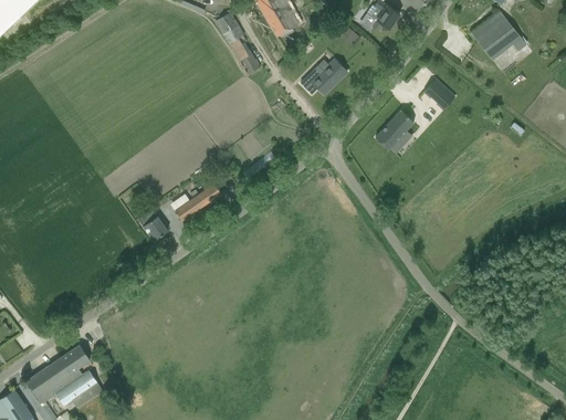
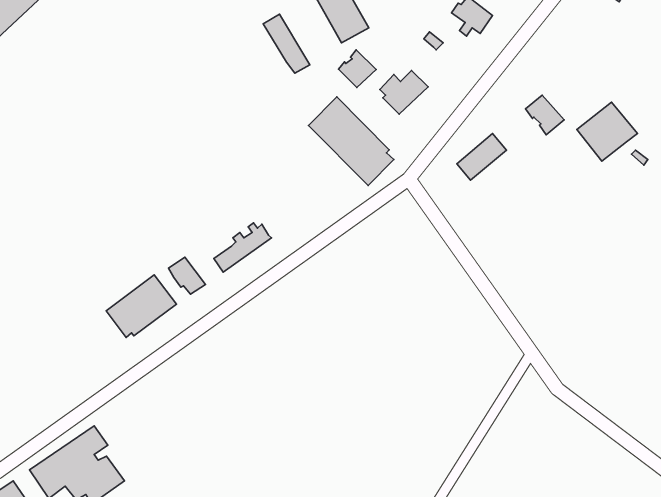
building: [472,13,521,61] -> [577,102,637,161]
building: none -> [339,50,376,87]
building: none -> [308,97,394,185]
building: none -> [106,275,176,337]

